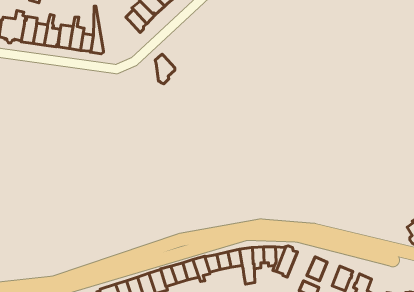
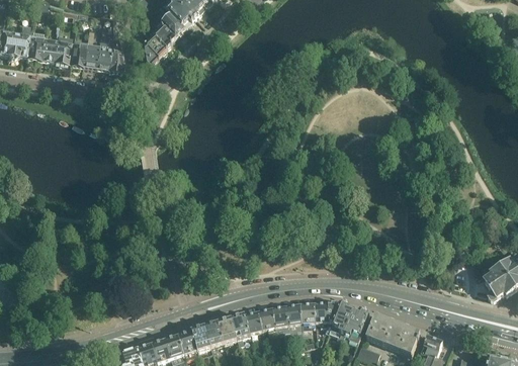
building: [155,54,175,84] -> [144,31,167,67]
building: none -> [342,308,369,342]
building: none -> [380,321,405,349]

